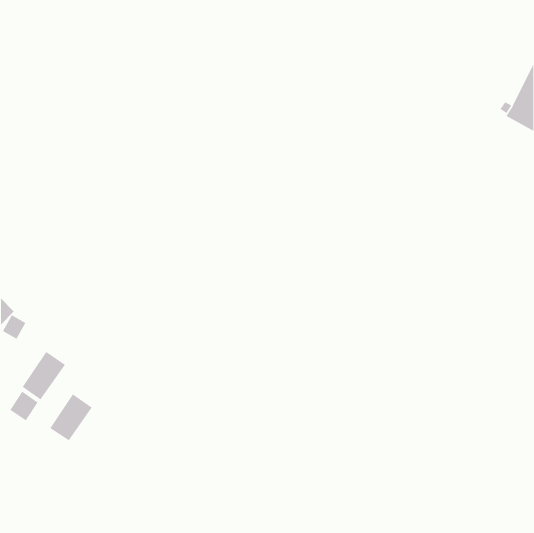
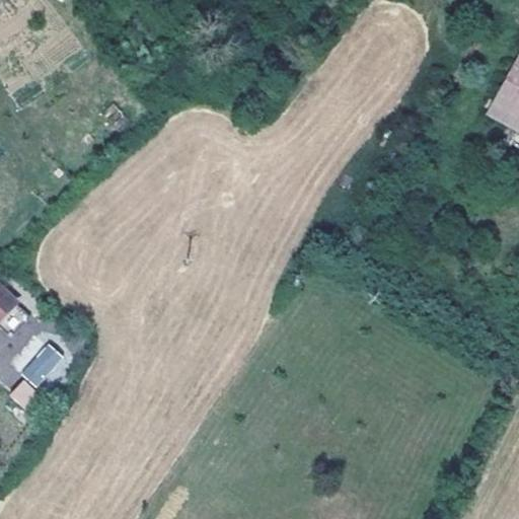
building: [50,394,92,441] -> none

